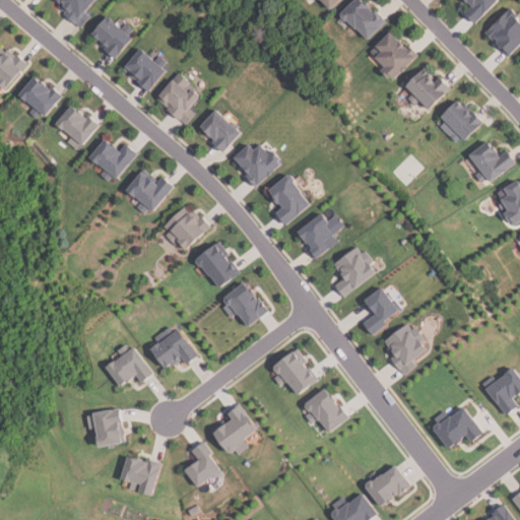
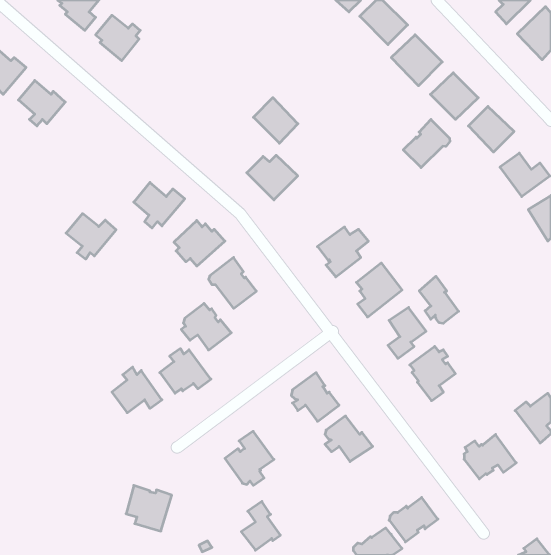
building: [122,48,166,89] -> none
building: [154,71,198,124] -> none
building: [55,105,100,150] -> none
building: [196,111,238,153] -> [253,98,298,143]
building: none -> [403,119,450,168]
building: [88,138,135,181] -> [66,214,116,259]
building: [268,174,310,223] -> none
building: none -> [419,276,459,323]
building: [221,282,268,326] -> [181,303,231,350]
building: [86,408,124,446] -> none
building: [183,441,219,486] -> [241,501,280,550]

